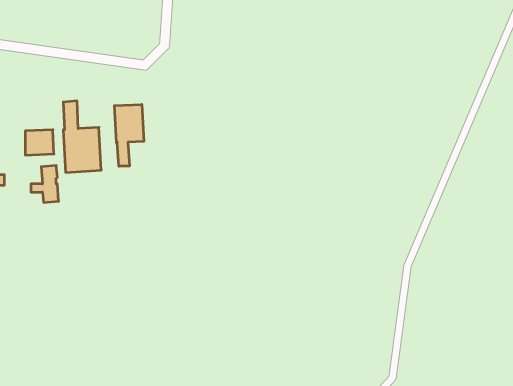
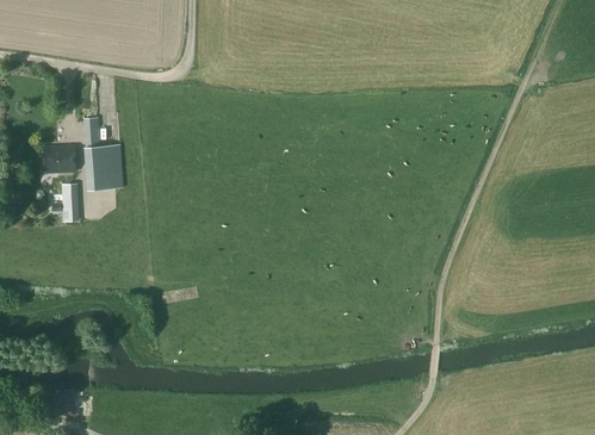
building: [114,104,144,166] -> none

